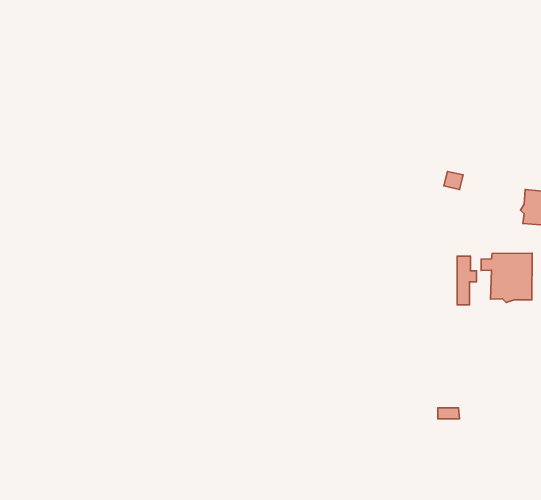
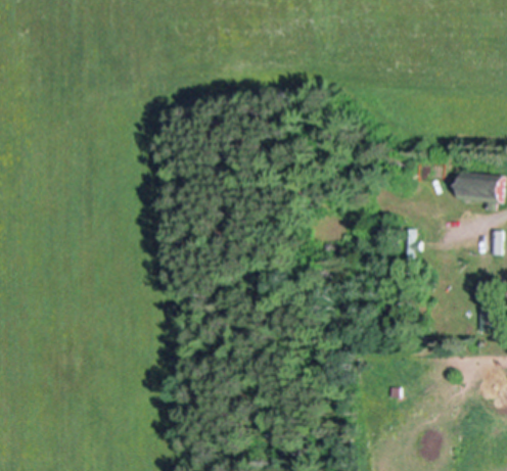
building: [481,253,532,302] -> none

